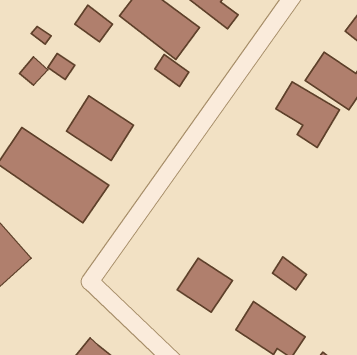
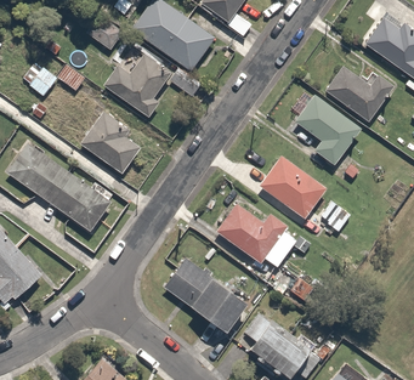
building: none -> [104,53,169,118]
building: none -> [257,152,329,220]
building: none -> [212,191,297,268]
building: none -> [160,256,212,308]

